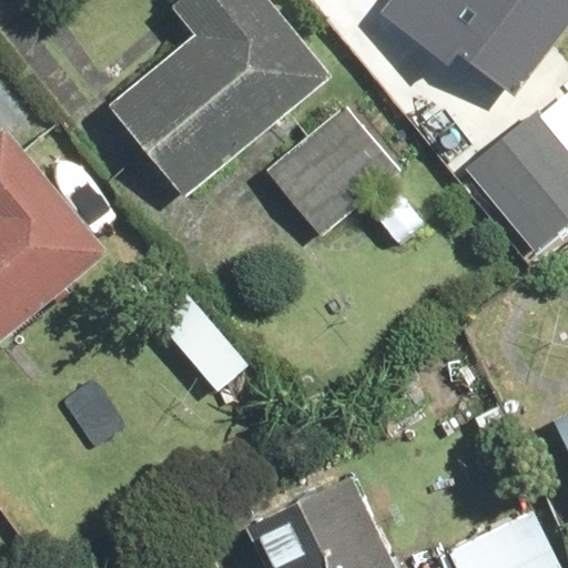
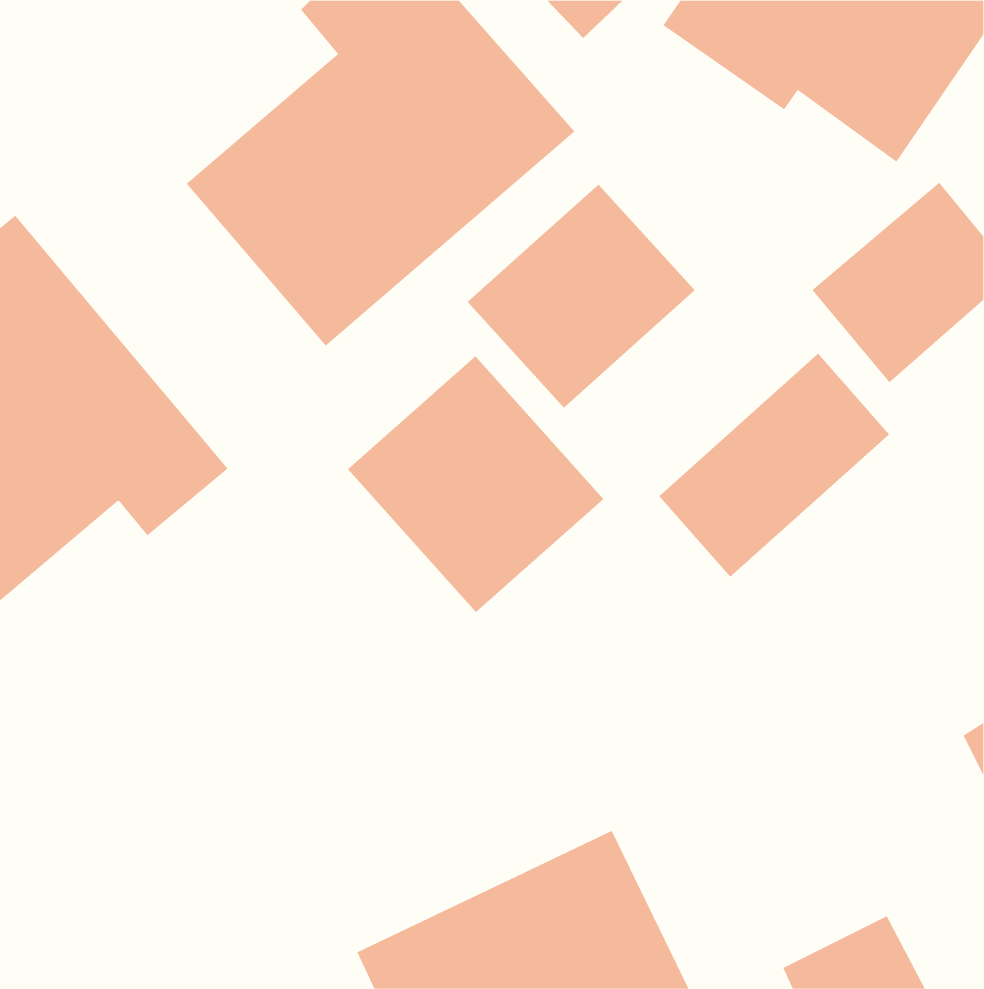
building: none -> [659,353,890,578]
building: none -> [347,356,604,613]

